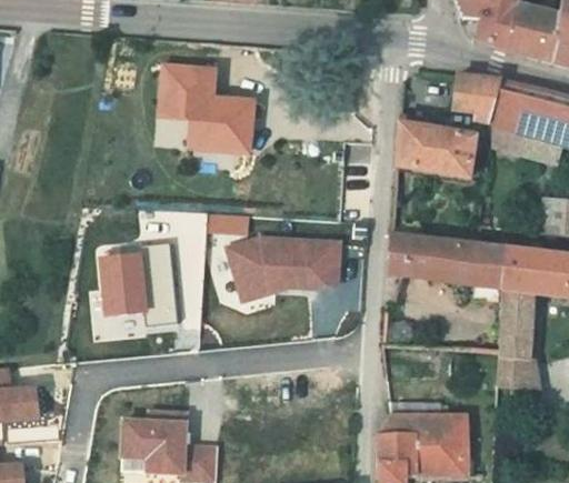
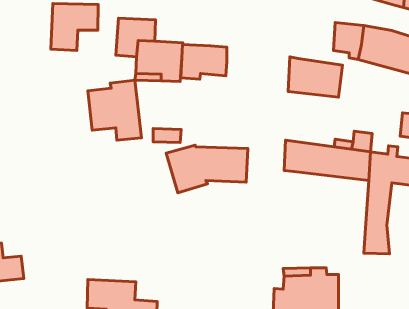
building: none -> [51,4,98,51]
building: none -> [181,44,227,79]
building: [107,246,179,328] -> [88,80,142,140]

